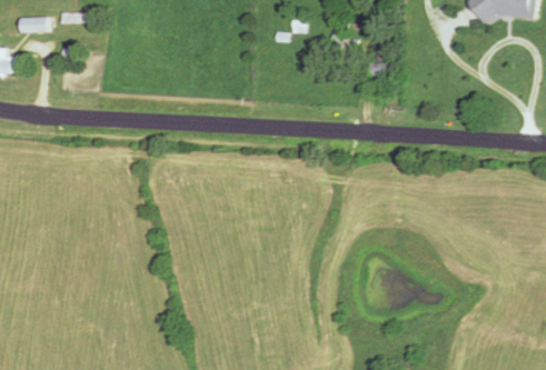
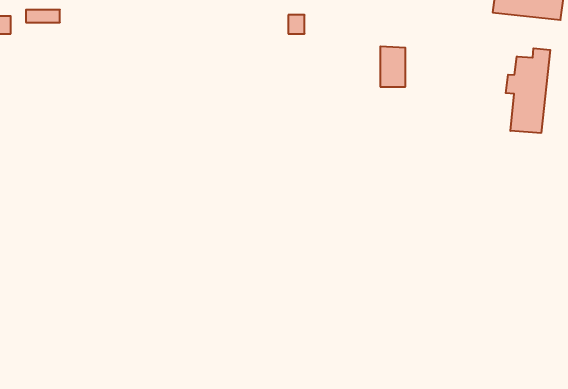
building: none -> [506,48,550,133]

